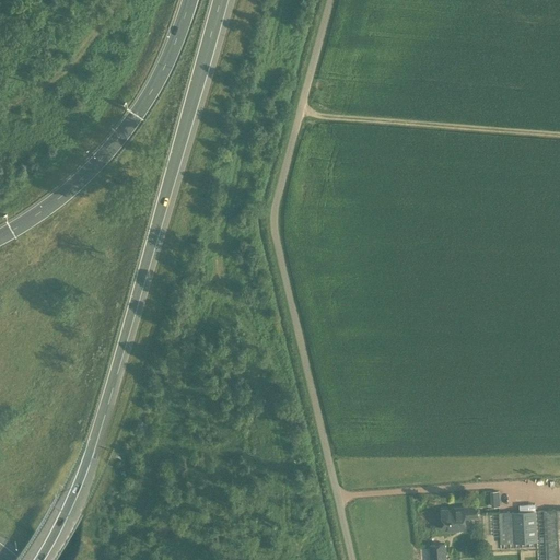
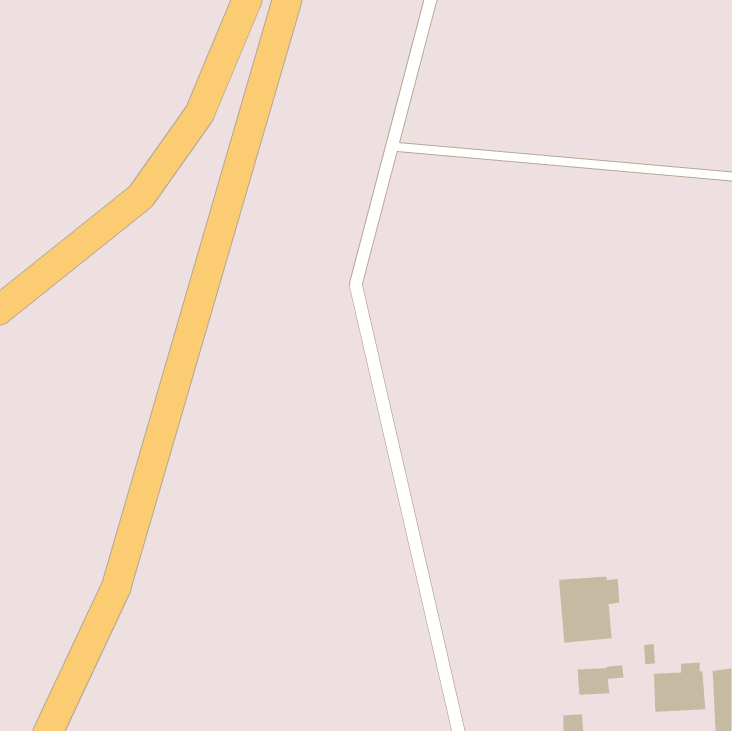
building: none -> [558,576,620,644]

